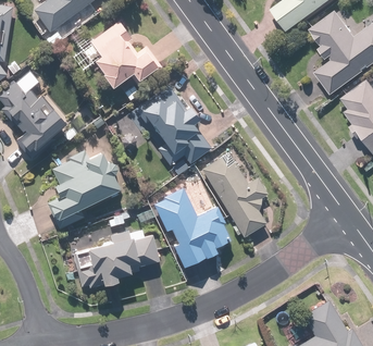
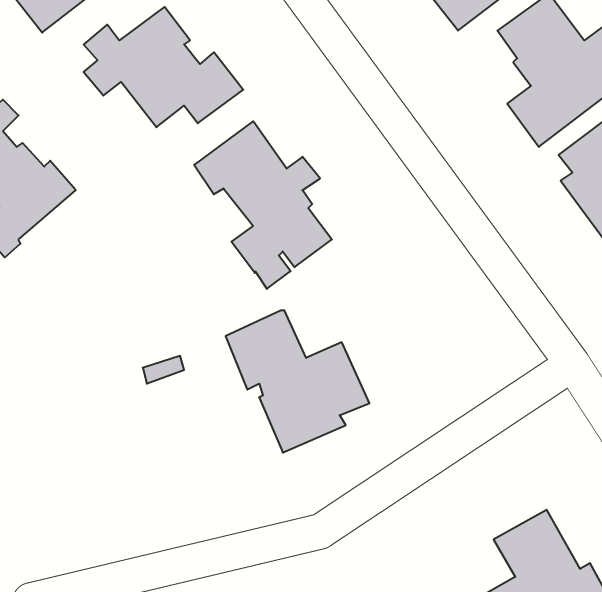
building: [47,149,123,228] -> none
building: [199,157,269,237] -> none
building: [77,230,161,287] -> none

